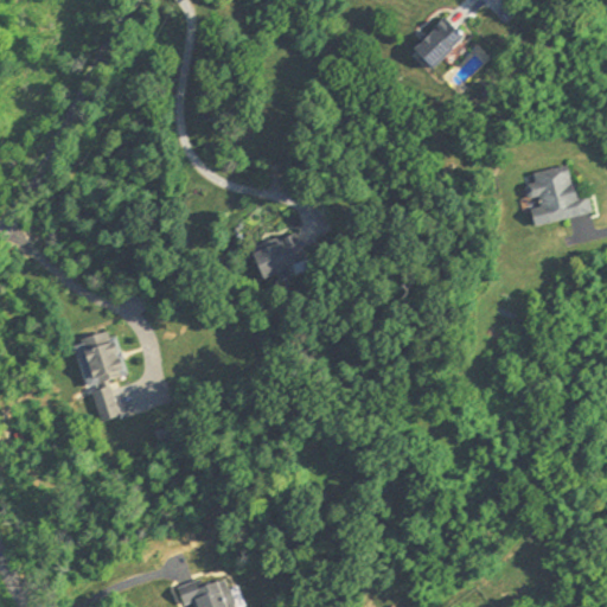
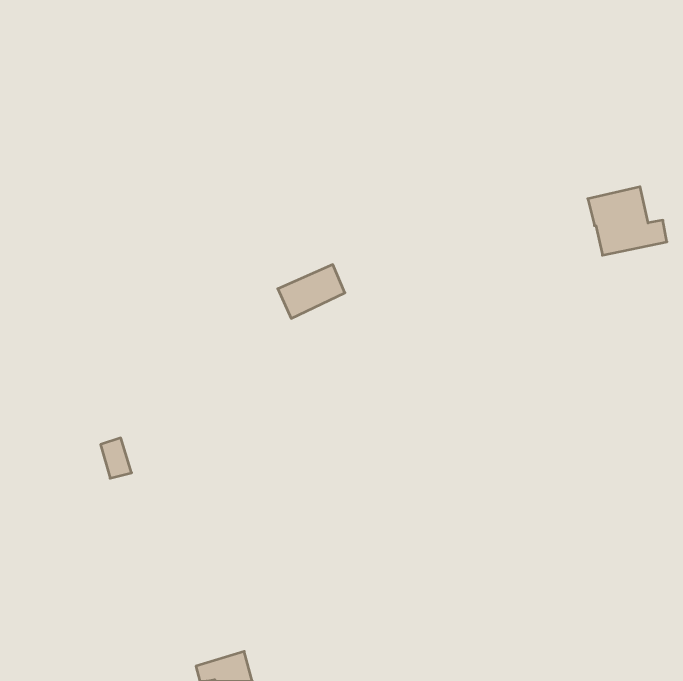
building: [411,15,465,70] -> none
building: [77,333,123,385] -> none

